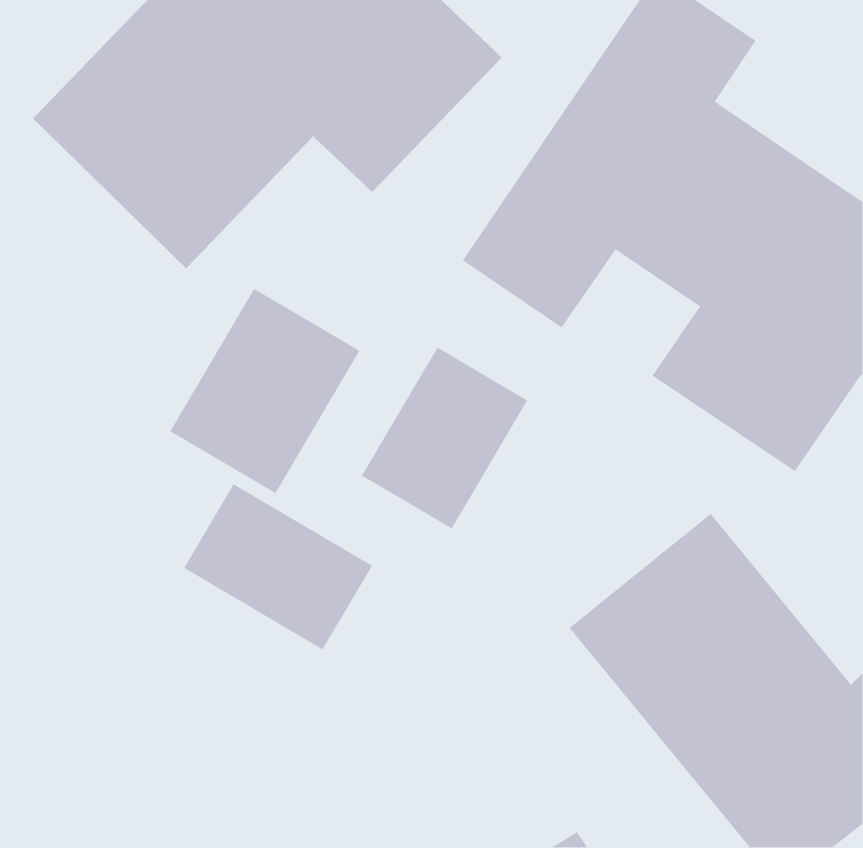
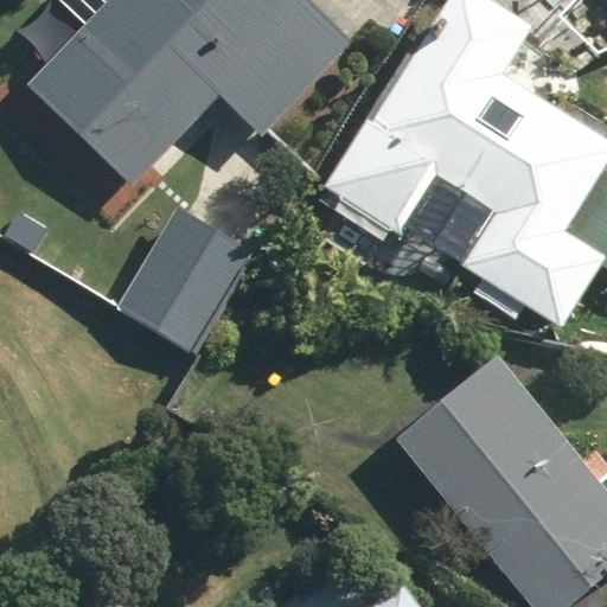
building: [361,346,528,530] -> none
building: [183,483,373,651] -> none

